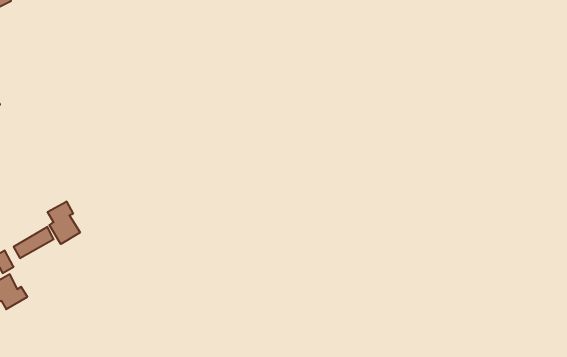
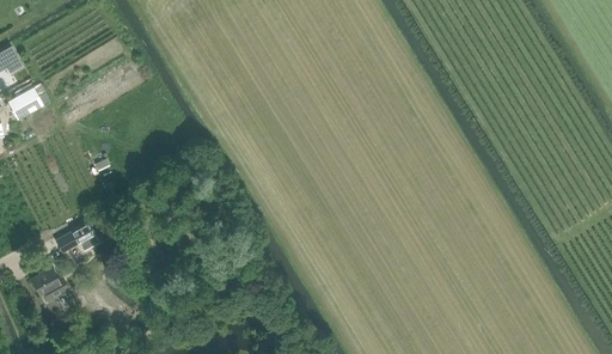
building: [48,201,80,244] -> none

